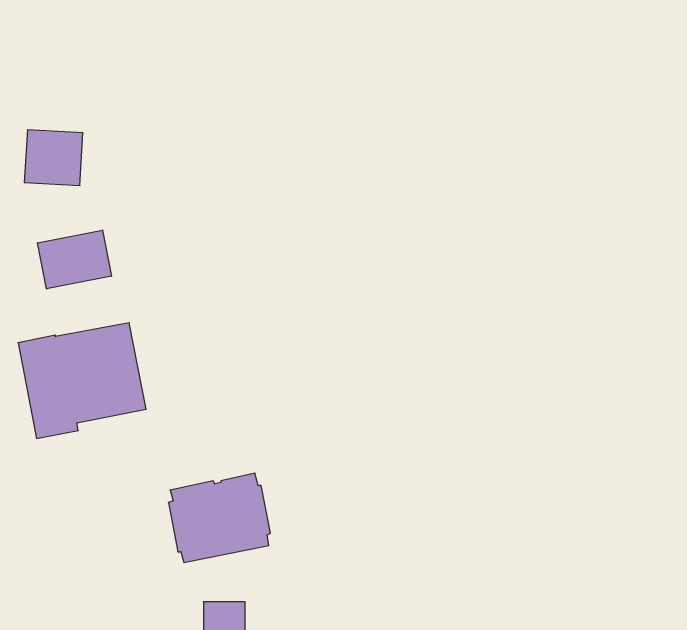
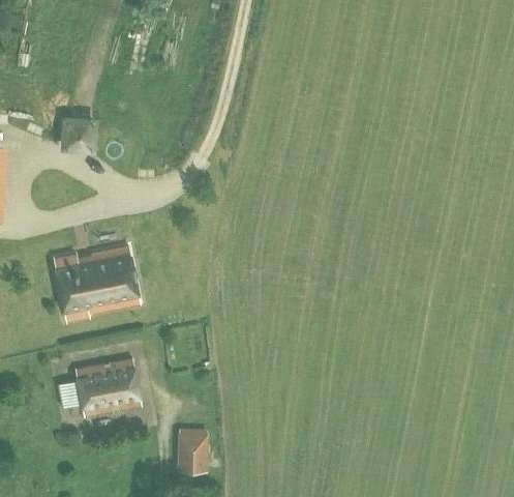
building: [38,230,111,289] -> none
building: [168,473,270,563] -> [73,355,142,415]

